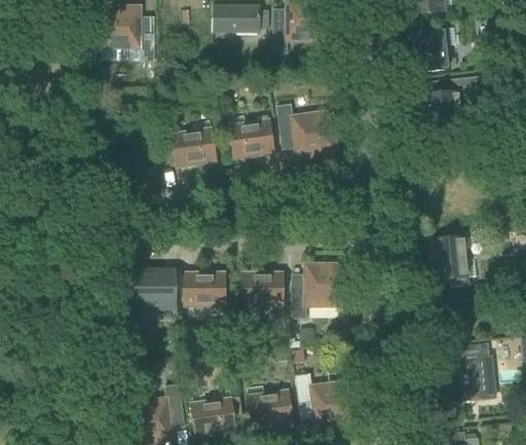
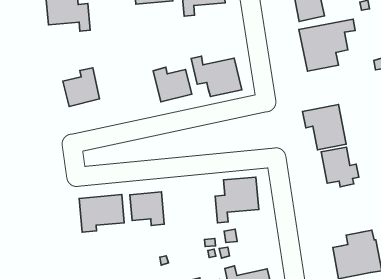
building: [172,120,216,166] -> [63,68,99,106]
building: none -> [303,104,346,150]
building: [242,272,283,313] -> none

